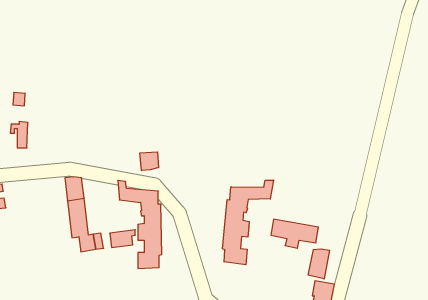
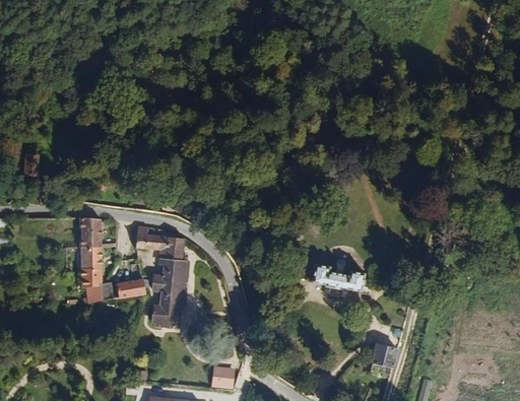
building: [140,152,159,171] -> none
building: [222,180,274,265] -> none
building: [308,249,330,279] -> none

